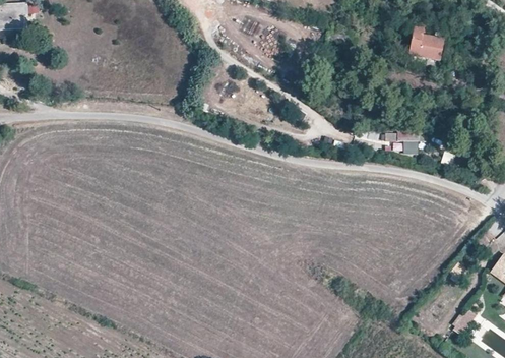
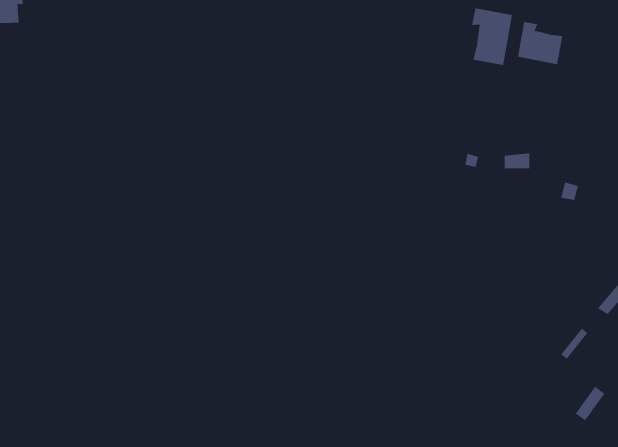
building: none -> [472,8,513,66]

